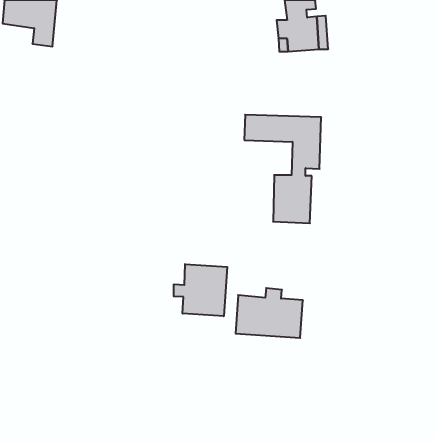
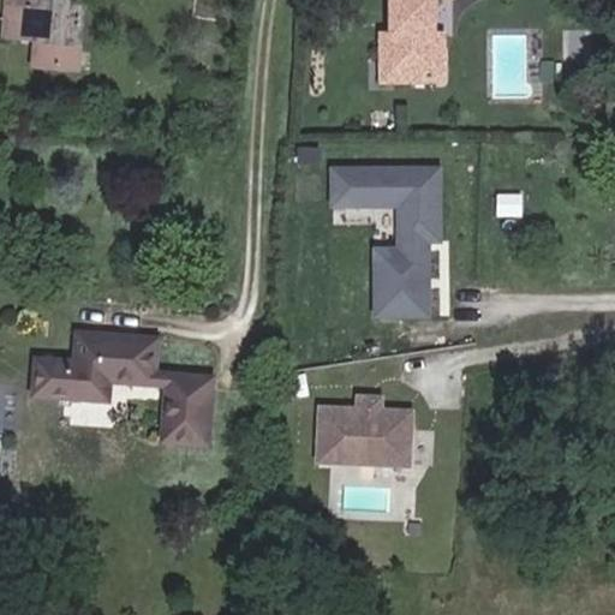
building: none -> [28,332,208,444]
building: [174,264,227,316] -> none

